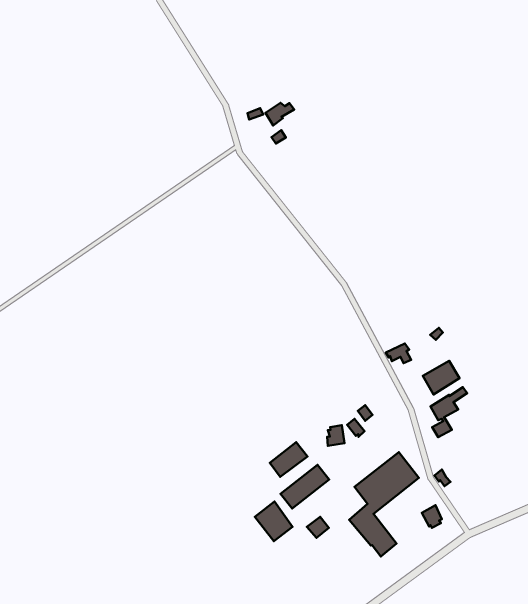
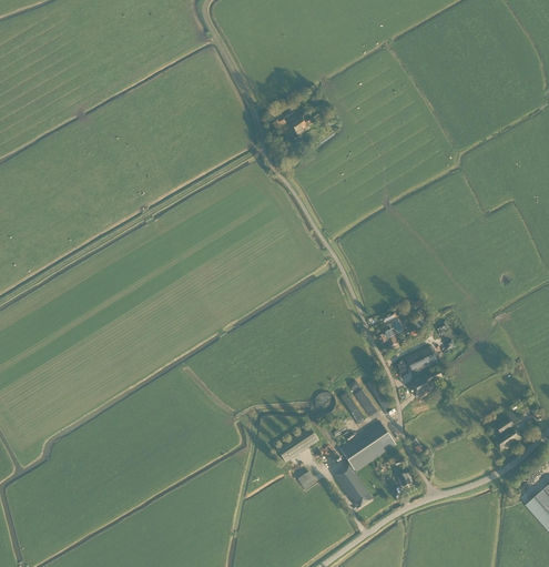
building: [270,442,308,477] -> none
building: [255,501,293,541] -> none

